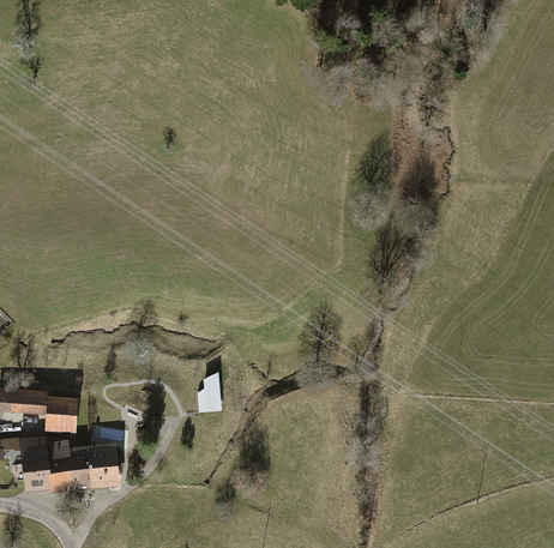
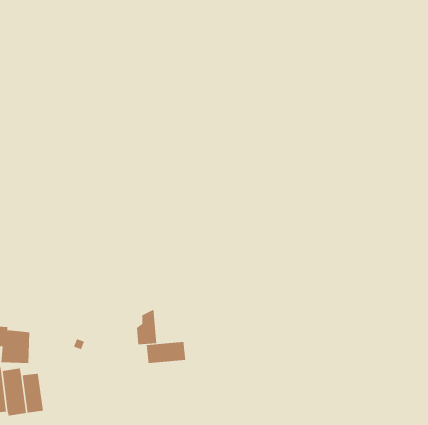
building: none -> [146,341,186,364]
building: [86,441,120,488] -> none

